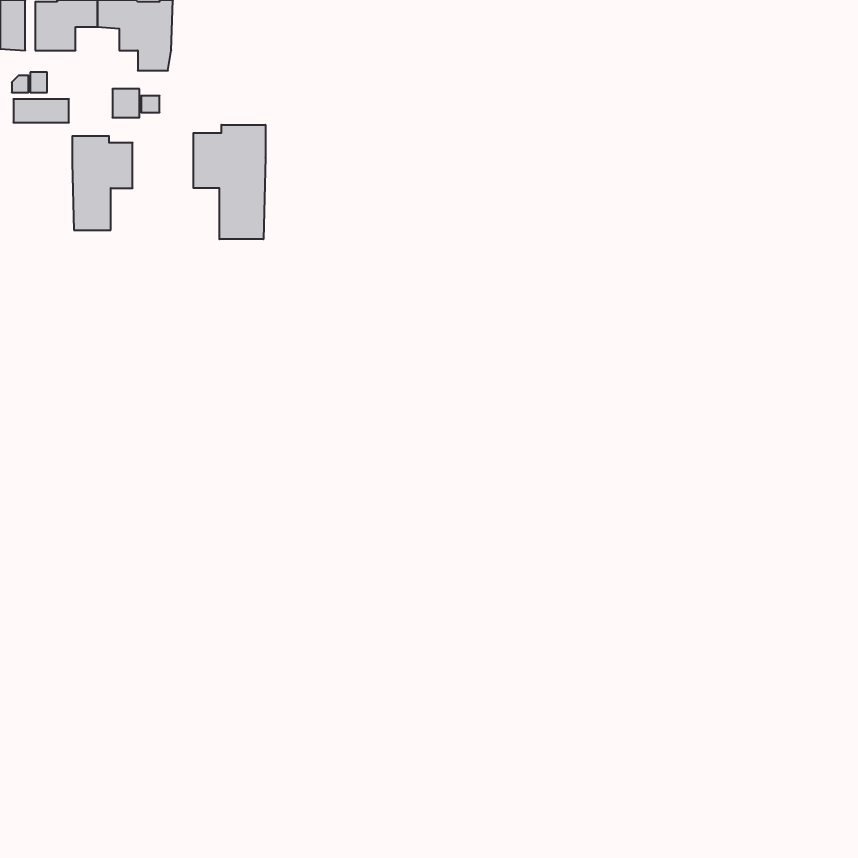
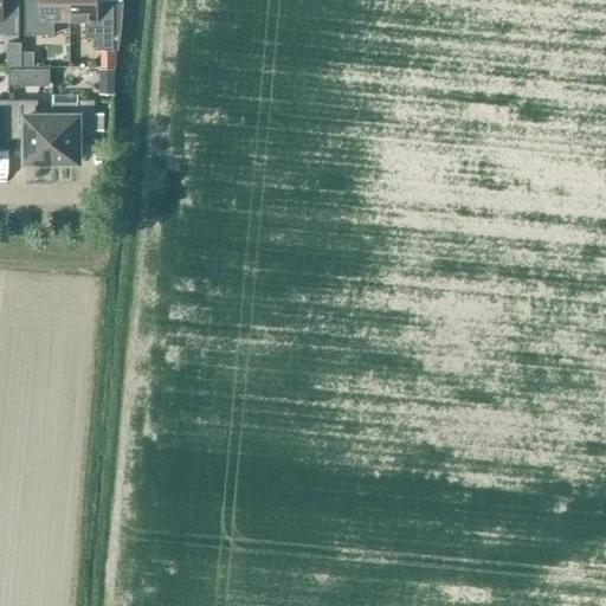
building: [193,125,265,239] -> none
building: none -> [8,101,52,162]

